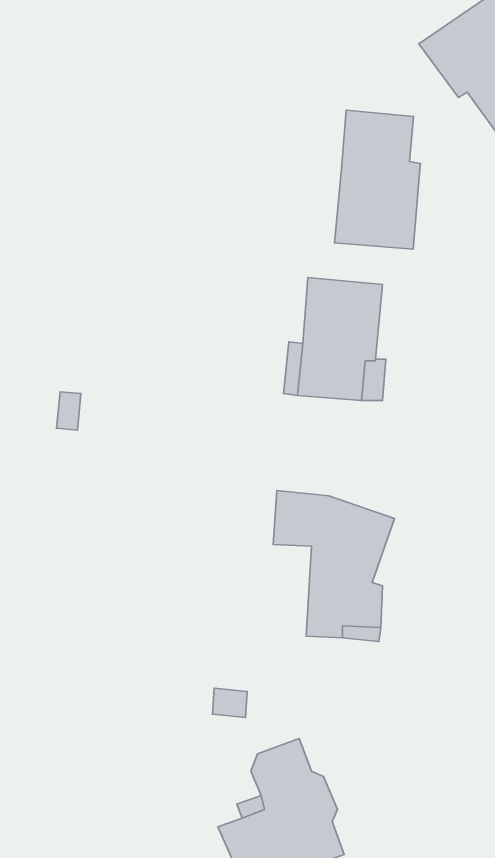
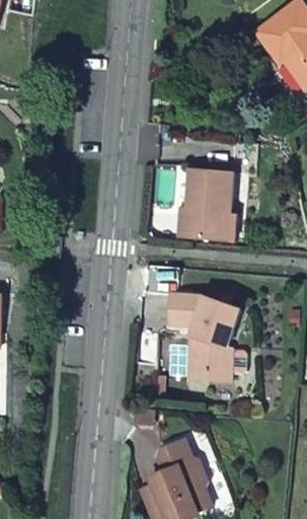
building: [334,110,420,249] -> none

